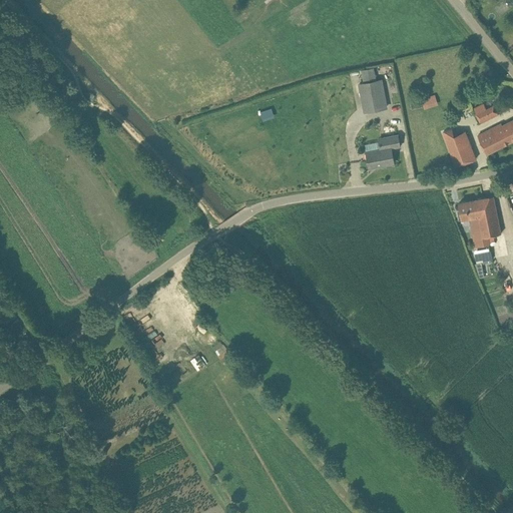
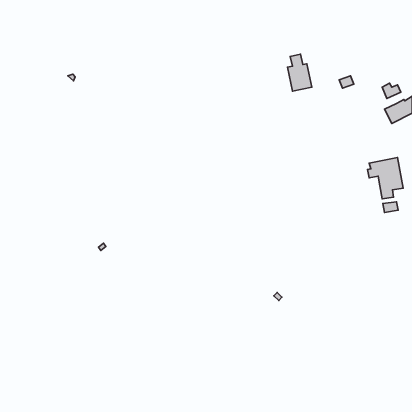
building: [442,130,475,167] -> none
building: [366,136,400,167] -> none

